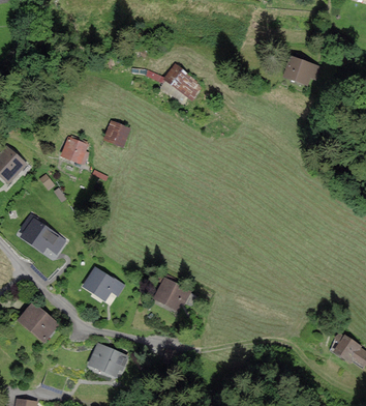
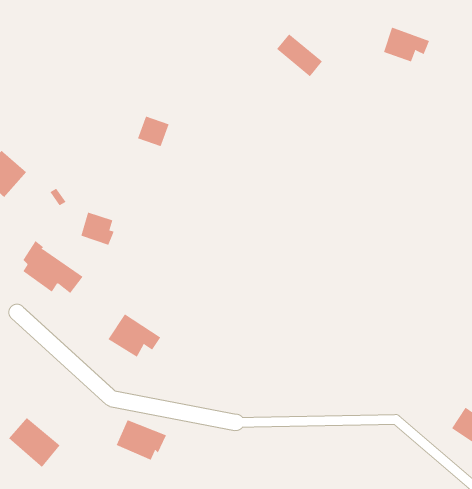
building: [165,66,200,98] -> [276,33,323,77]
building: [62,138,87,163] -> [81,212,114,246]
building: [154,276,190,310] -> none
building: [19,303,57,341] -> [8,417,60,468]

